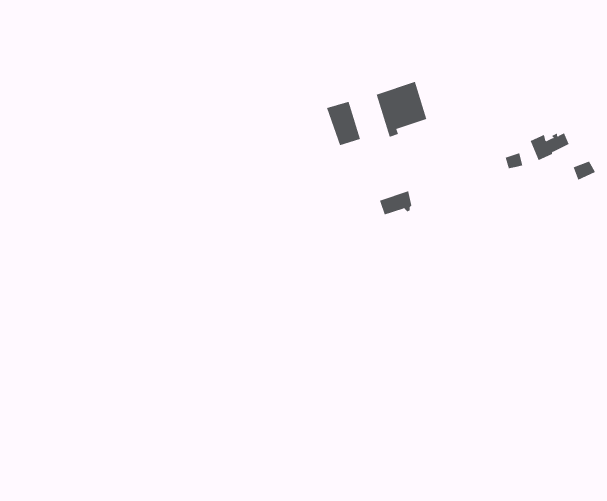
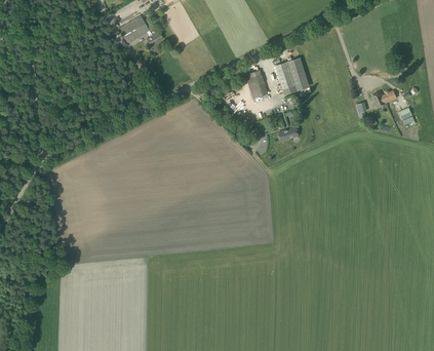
building: none -> [118,15,163,46]

